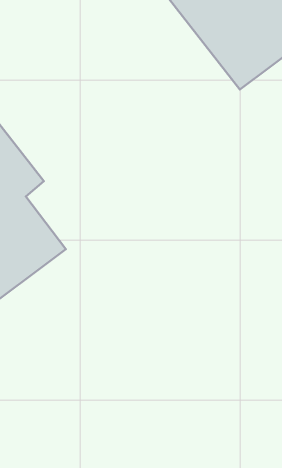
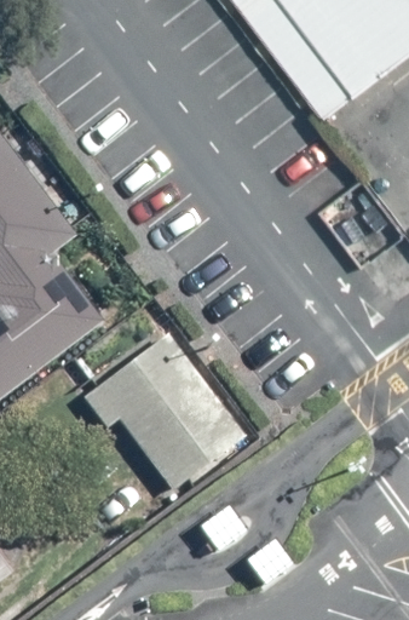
building: none -> [80,337,242,492]

